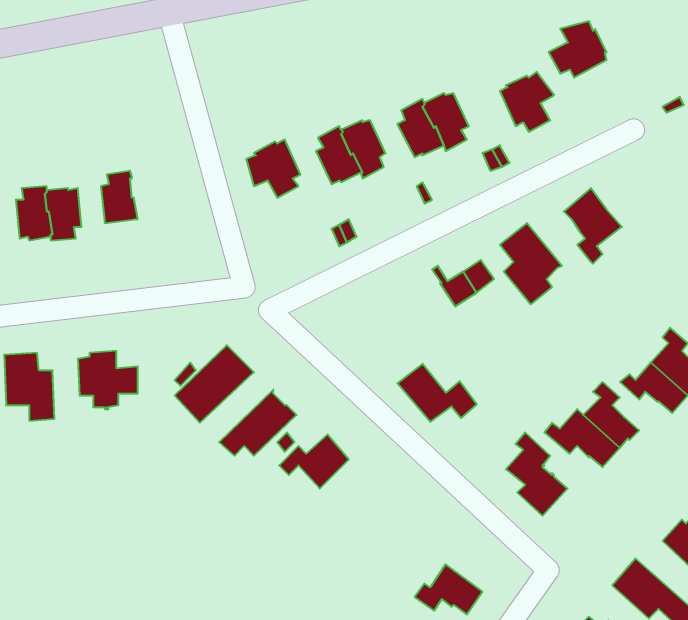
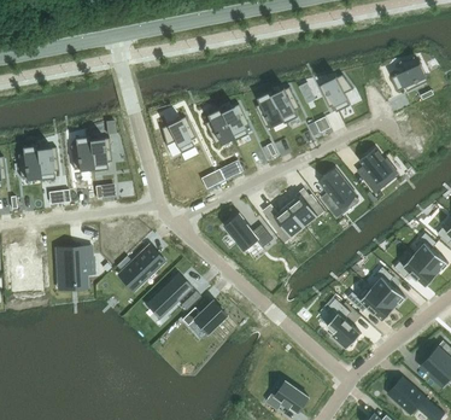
building: [549,21,607,77] -> [391,57,427,92]
building: none -> [88,136,111,170]
building: [397,364,477,422] -> [223,214,273,250]

